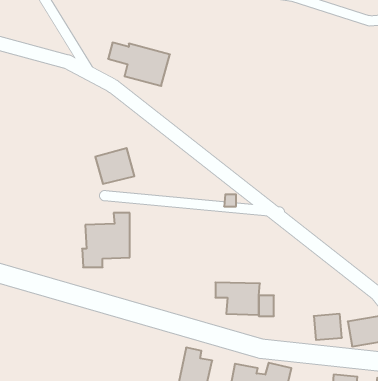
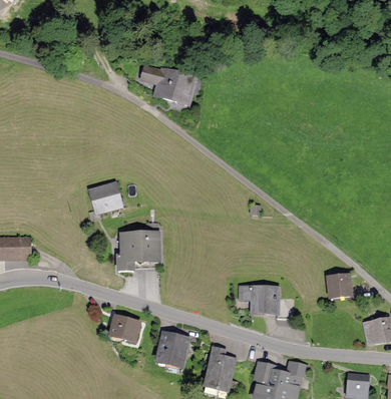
building: [95,148,134,184] -> [87,181,123,215]
building: none -> [107,314,140,343]
building: [314,314,342,340] -> [326,275,352,299]
building: none -> [154,331,190,370]

